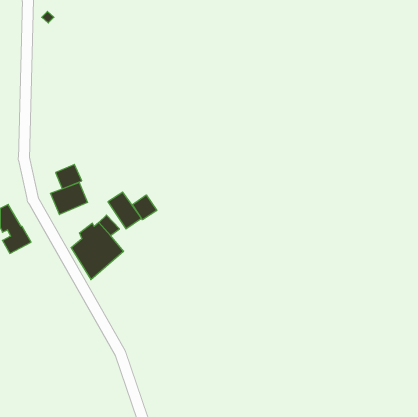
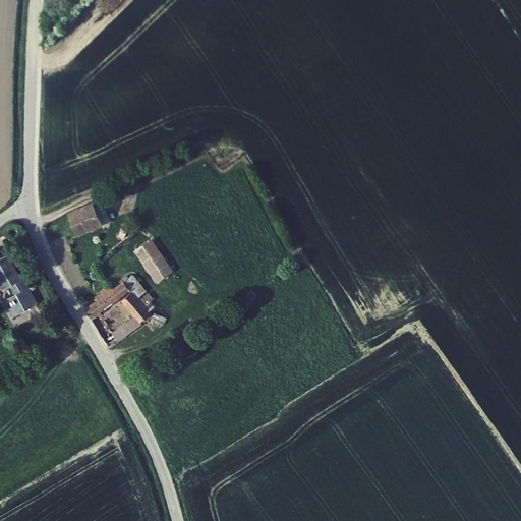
building: [51,182,88,215] -> none
building: [132,195,157,220] -> none

